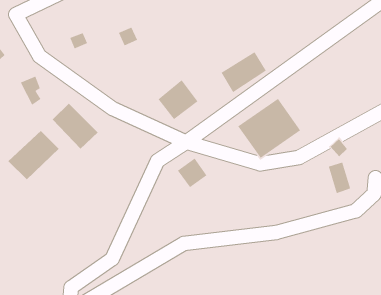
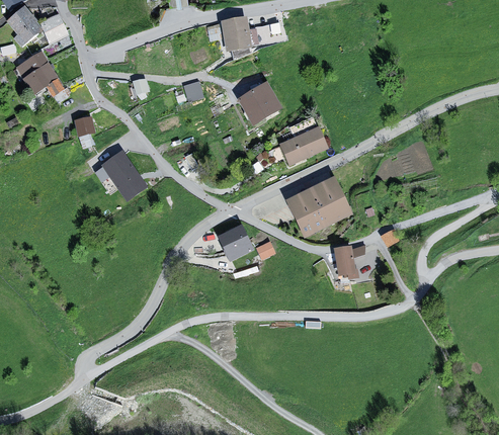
building: [157,79,198,120] -> [240,85,281,125]
building: [7,130,59,180] -> none
building: [328,162,351,194] -> [335,247,355,279]

